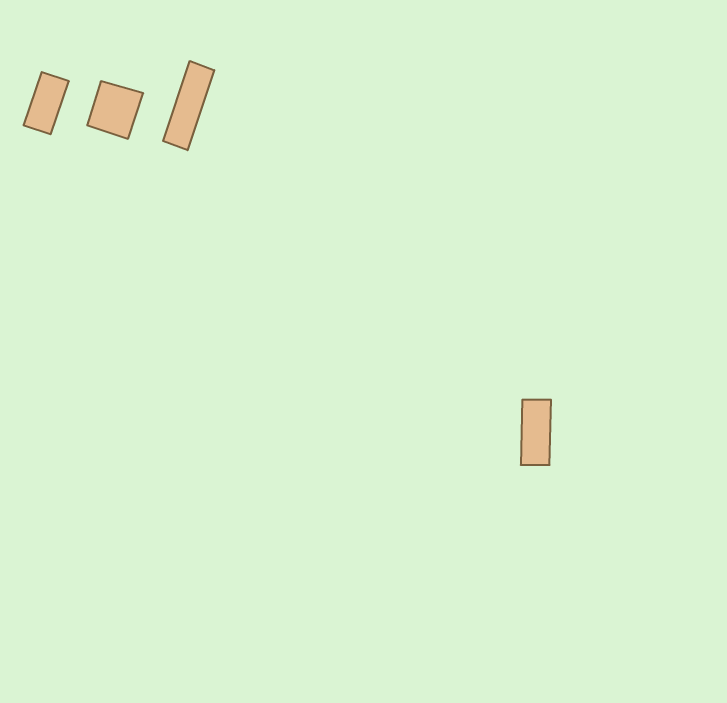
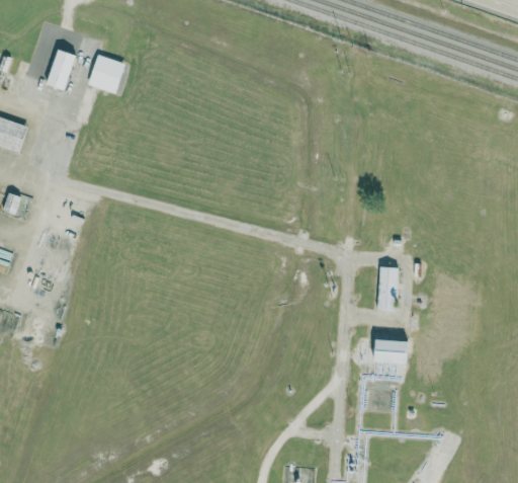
building: [163,61,214,150] -> none
building: none -> [375,340,409,363]

